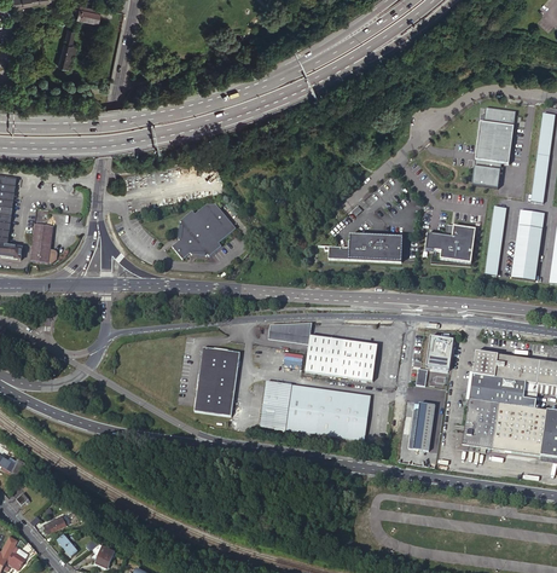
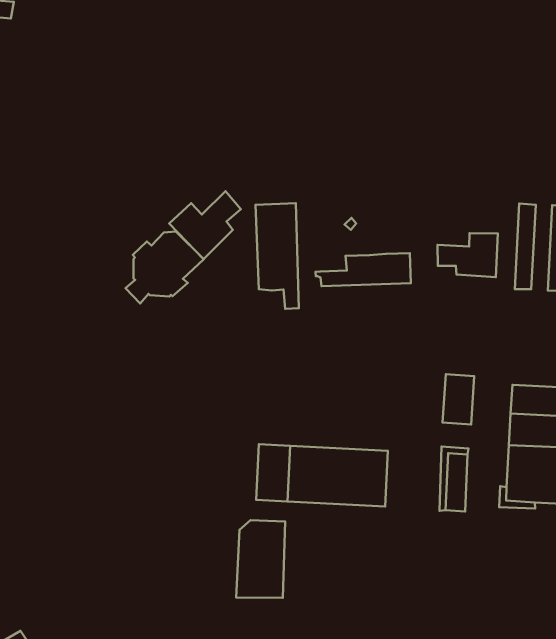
building: [472,106,515,185] -> none
building: none -> [169,191,241,259]
building: none -> [256,203,299,309]
building: [306,335,377,380] -> none
building: [195,349,239,415] -> [236,520,285,598]

